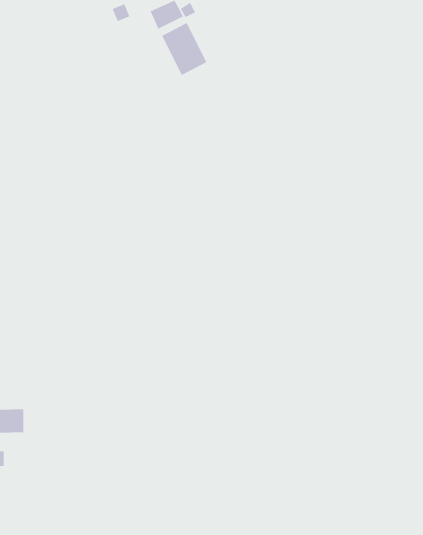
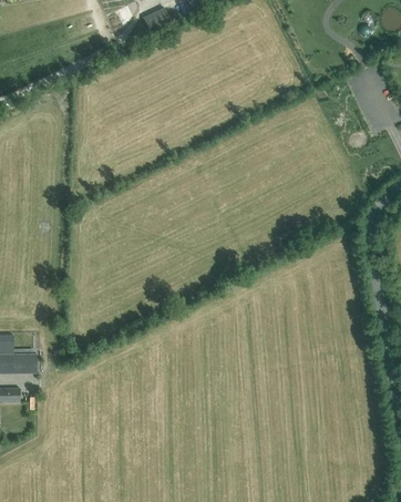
building: [161,22,207,76] -> none

